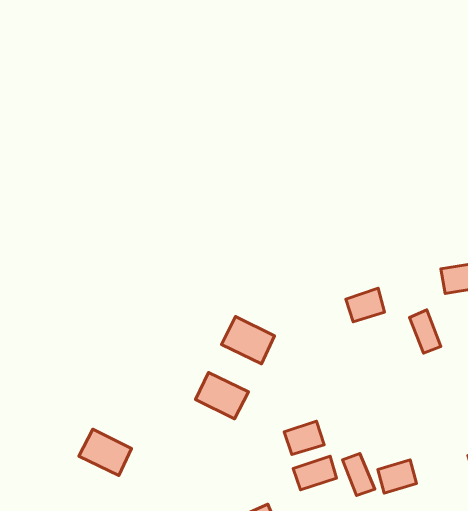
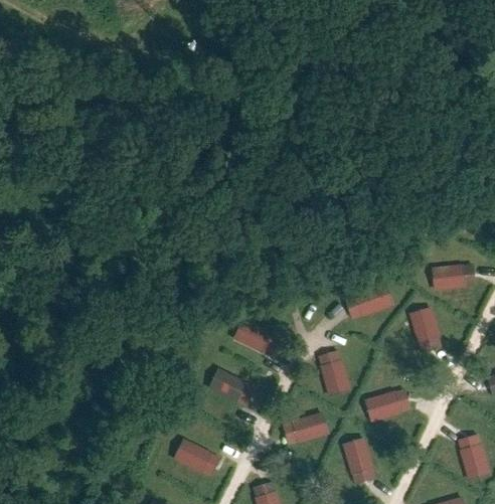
building: none -> [321,356,350,396]
building: [79,429,132,475] -> [171,436,220,479]
building: [293,456,336,490] -> none
building: [378,460,417,493] -> [366,390,402,422]

